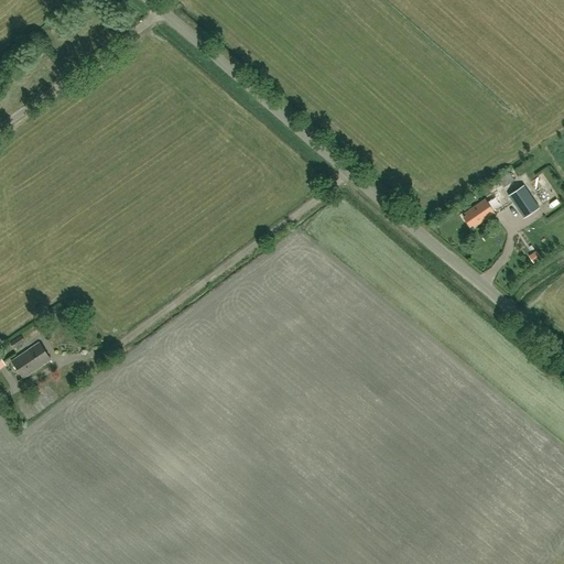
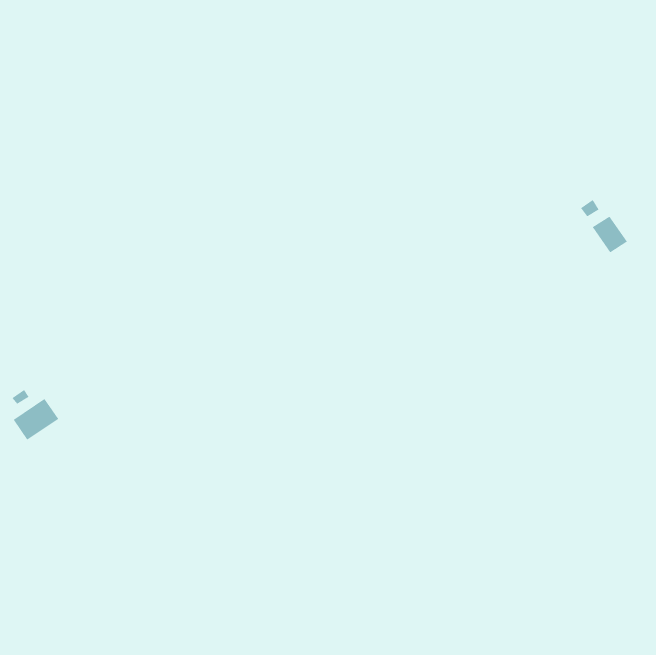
building: [464,198,494,226] -> none

